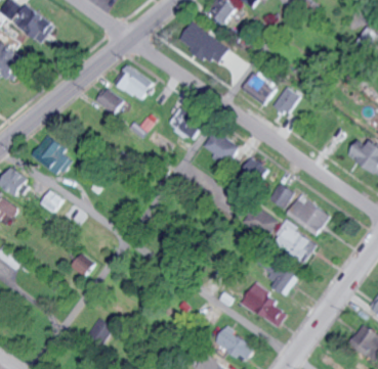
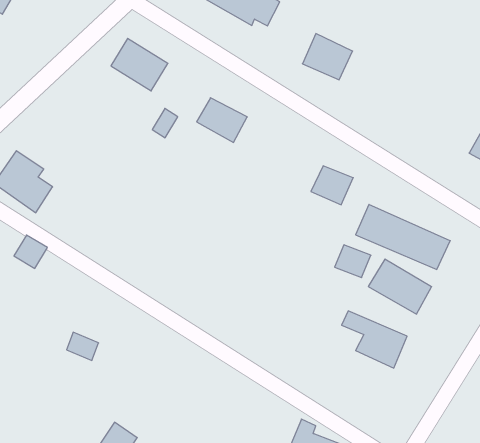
building: [272,87,299,116] -> none
building: [94,89,123,116] -> none
building: [202,131,237,163] -> none
building: [240,284,286,328] -> none

